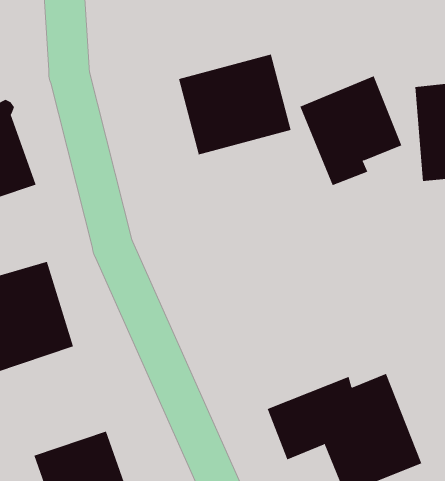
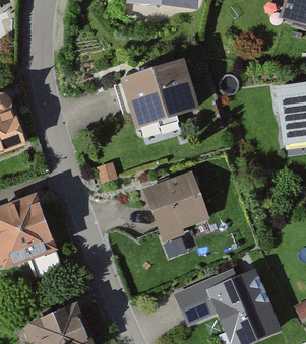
building: [300,75,402,186] -> [140,169,207,242]

